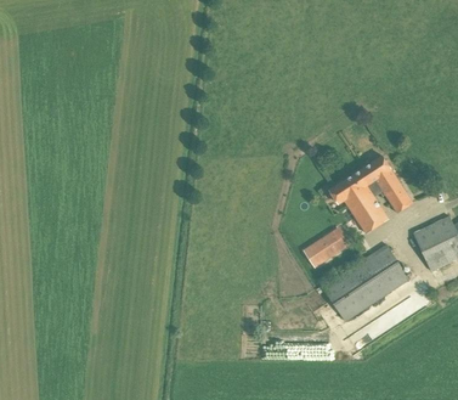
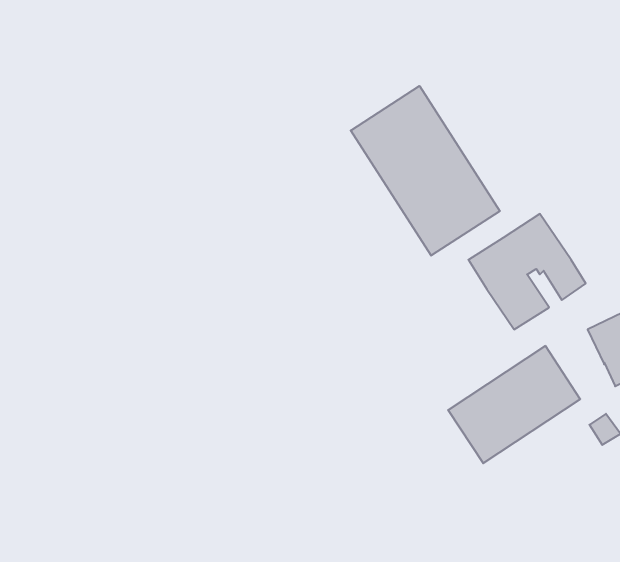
building: none -> [351,86,500,256]
building: [302,232,344,269] -> none

